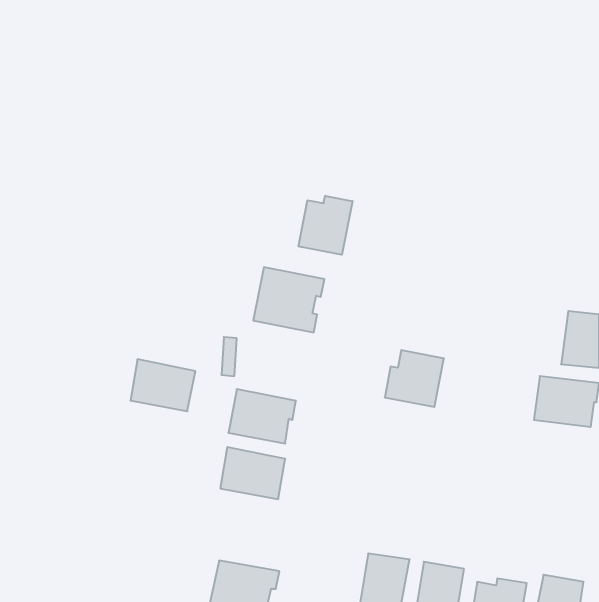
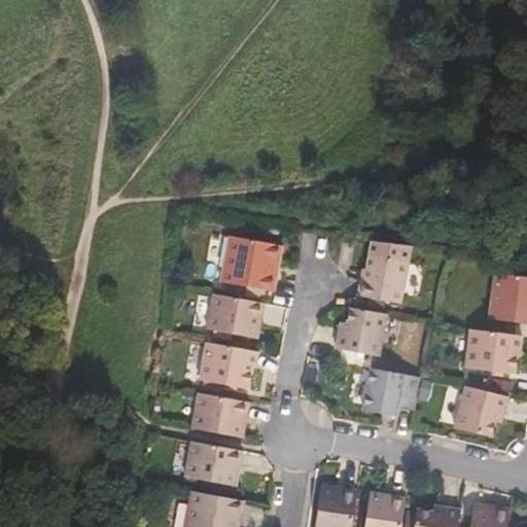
building: [299,196,353,255] -> none
building: none -> [357,253,408,304]
building: [130,359,195,411] -> [207,292,264,338]
building: none -> [361,367,418,416]
building: none -> [453,386,506,436]
building: none -> [184,440,241,485]

